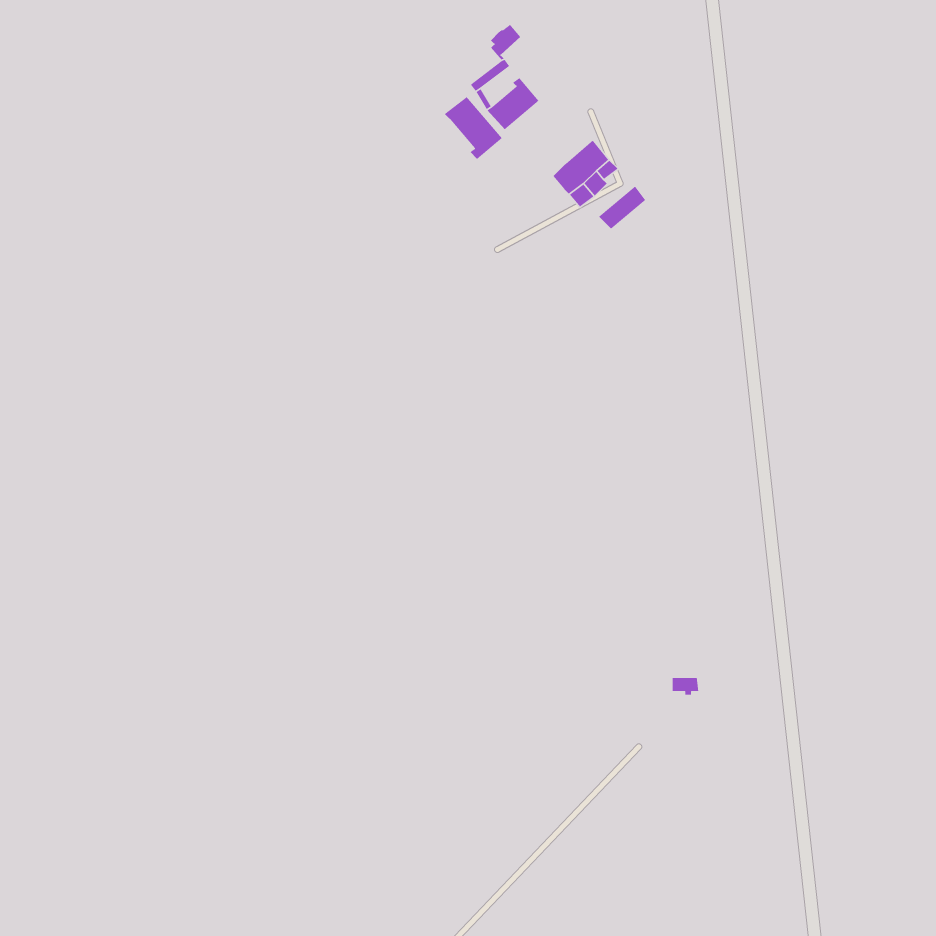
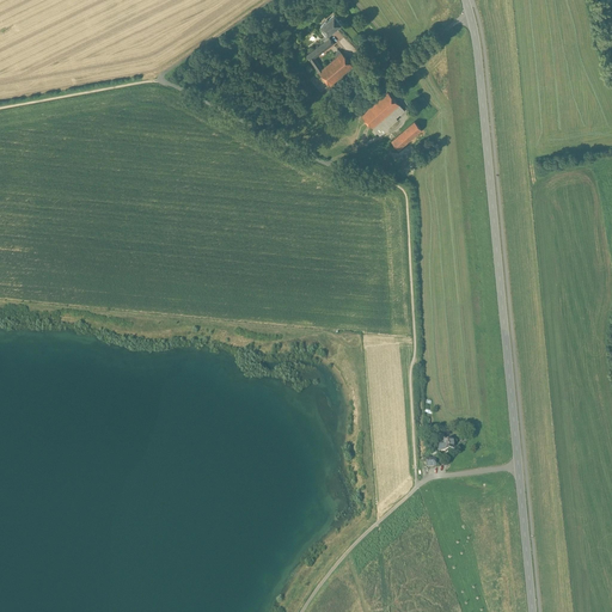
building: [444,96,503,160] -> none

